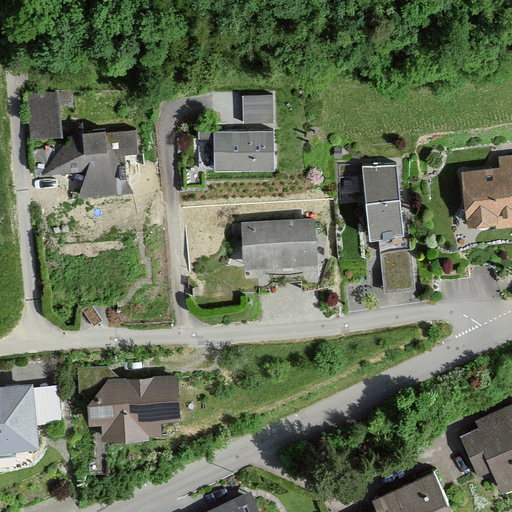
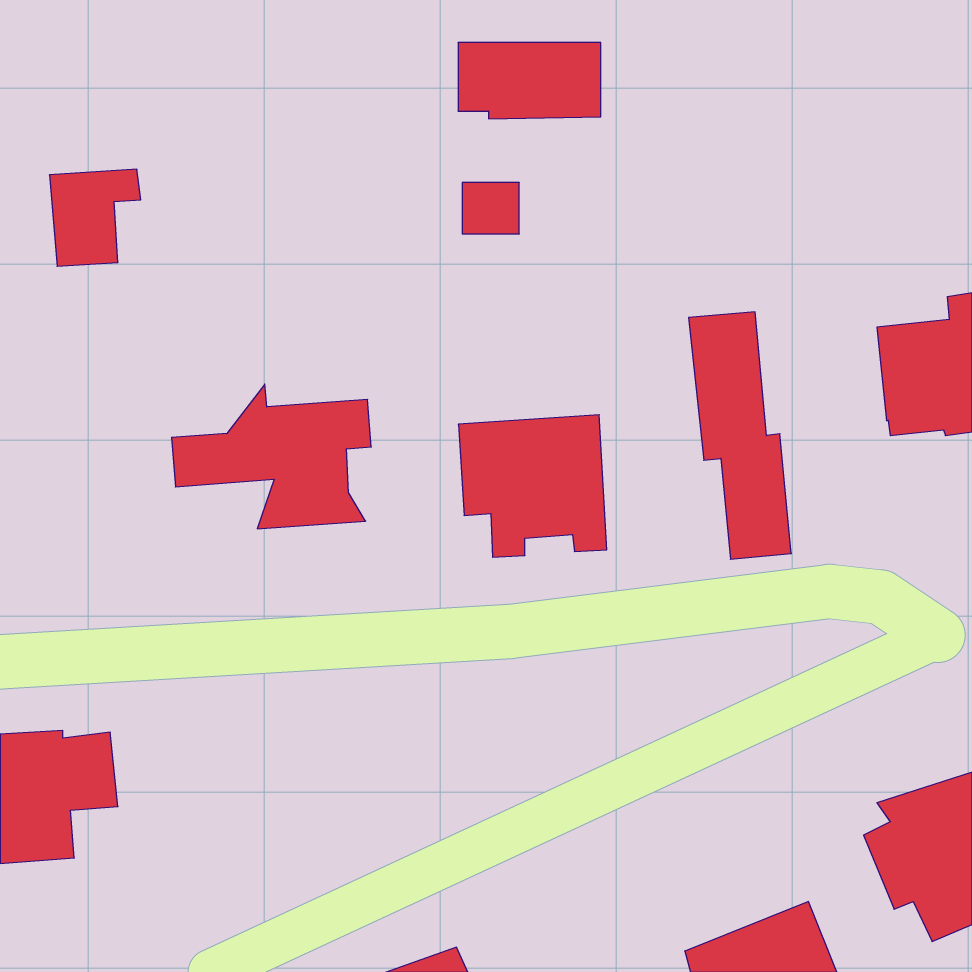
building: [33,122,138,198] -> [172,384,371,529]
building: [199,132,274,172] -> [458,43,601,119]
building: [77,366,181,443] -> none

